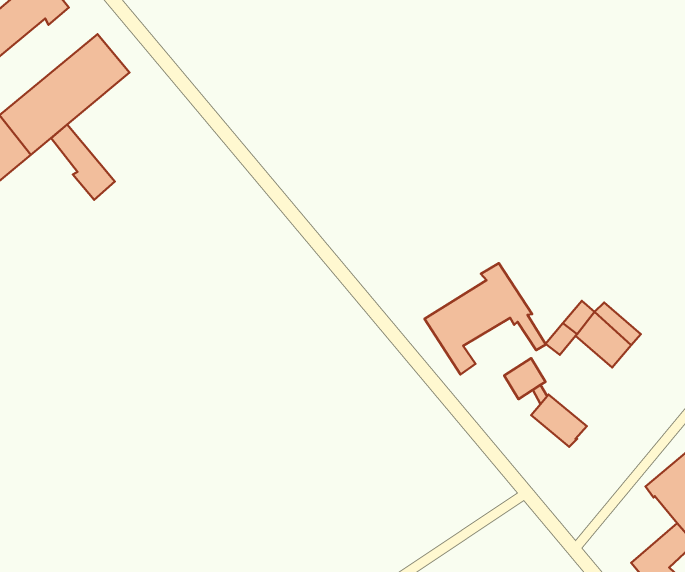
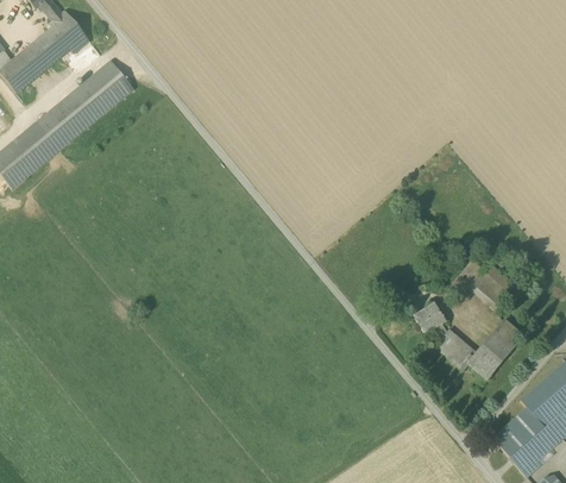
building: [51,124,115,200] -> none
building: [425,263,546,375] -> none
building: none -> [468,320,523,378]
building: none -> [492,406,545,456]

